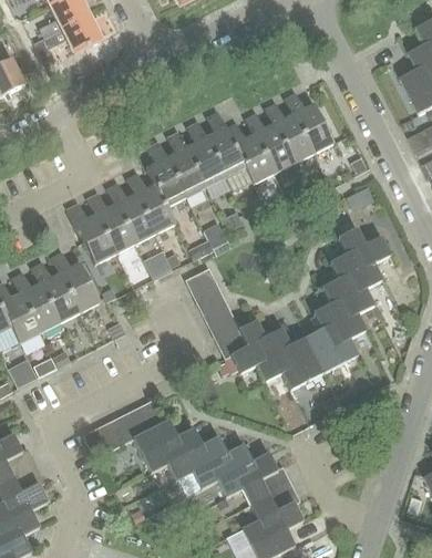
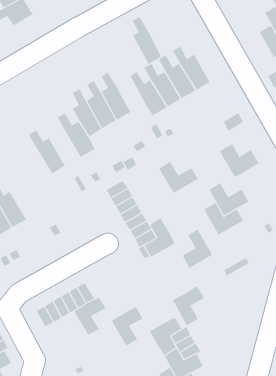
building: [205,112,243,177] -> [132,16,162,65]
building: [105,183,153,244] -> none
building: [65,203,114,264] -> none
building: [330,252,383,296] -> [158,161,199,194]
building: [50,254,99,312] -> none
building: [256,328,299,380] -> none
building: [305,328,358,372] -> none
building: [157,427,200,479] -> none
building: [207,443,251,496] -> [172,286,205,326]

